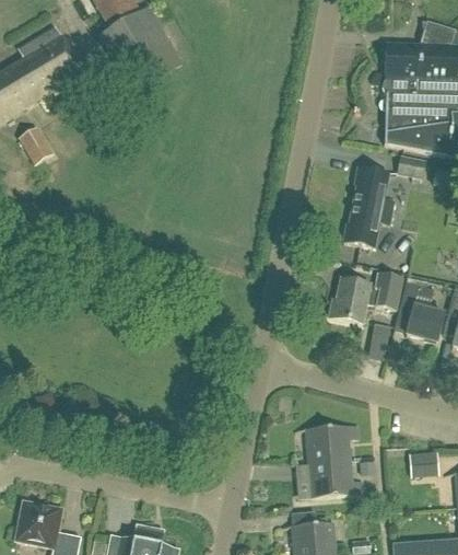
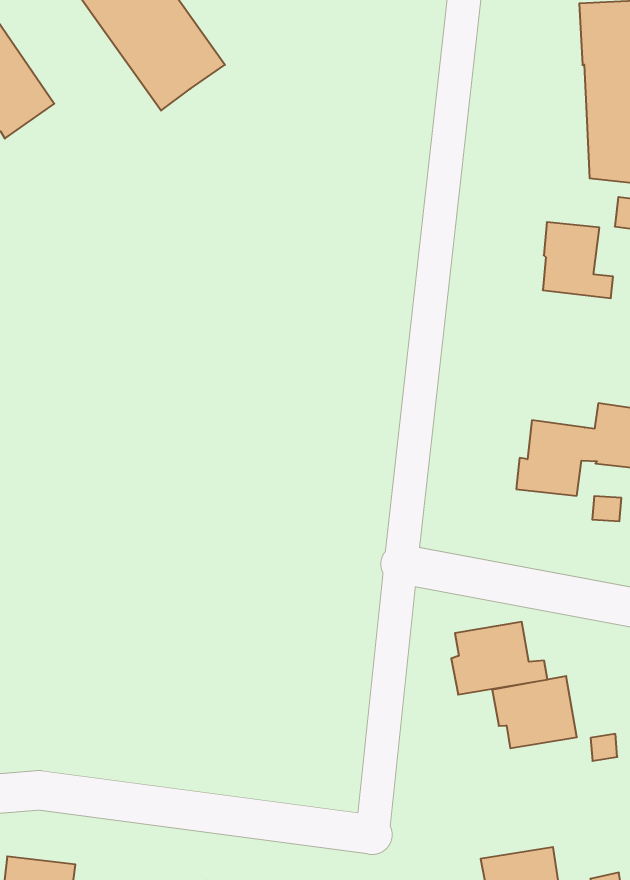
building: [342,204,390,246] -> none
building: [309,459,363,497] -> [451,622,548,695]

